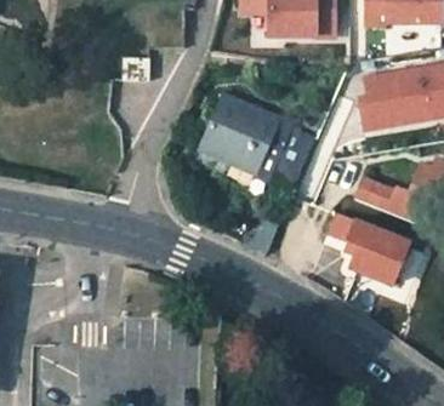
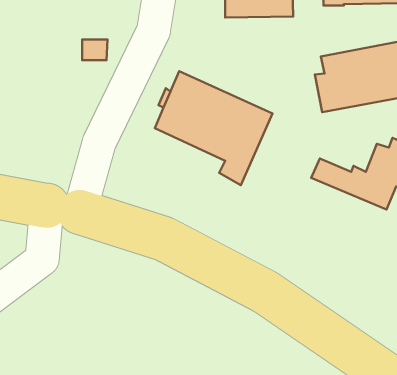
building: [329,211,414,287] -> none

